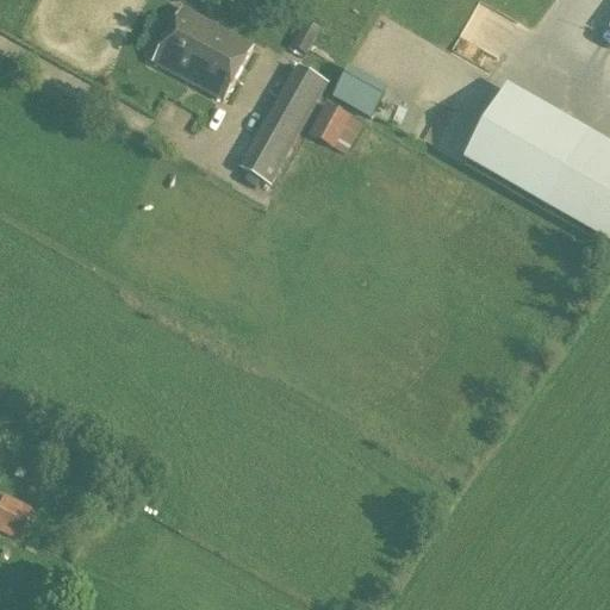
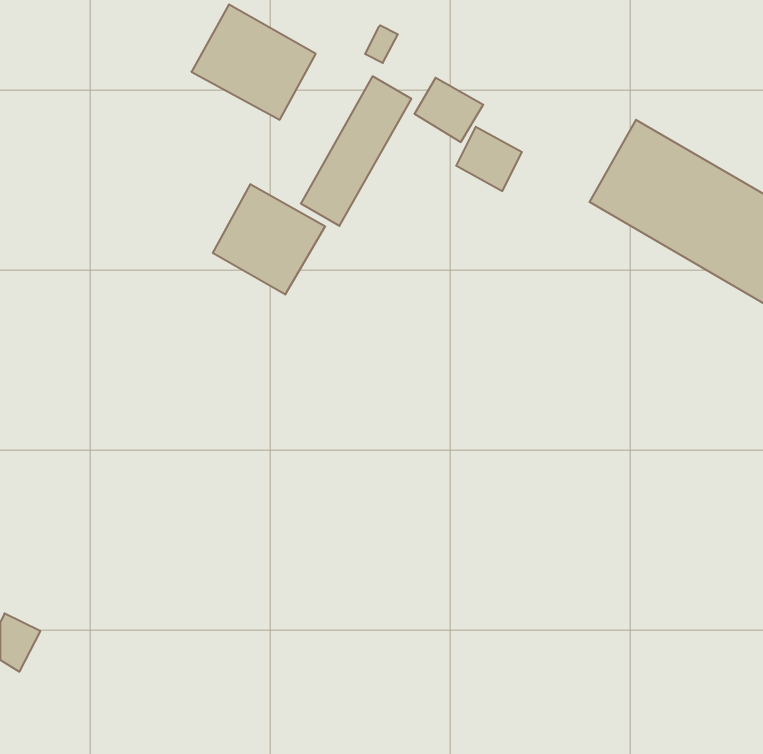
building: [310,99,362,150] -> [456,127,522,191]
building: none -> [213,184,325,295]

